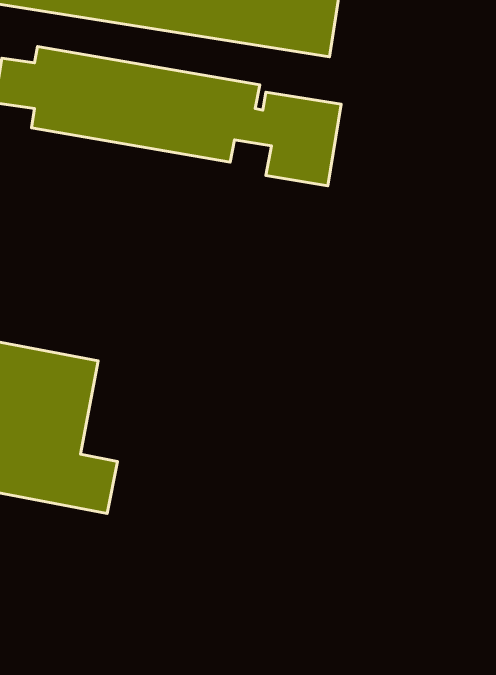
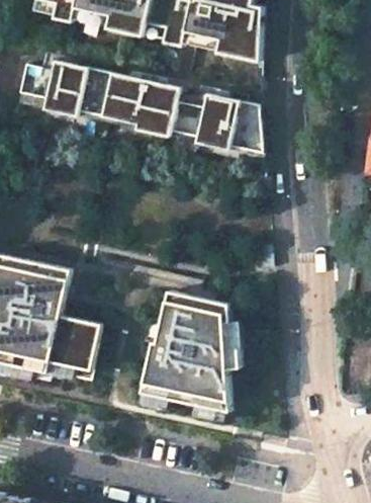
building: none -> [150,299,245,418]

